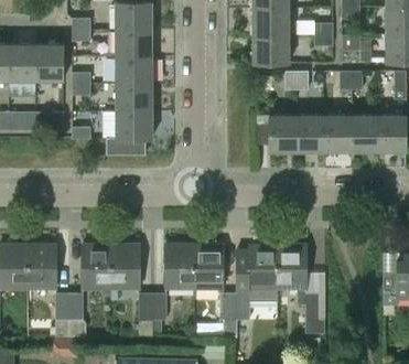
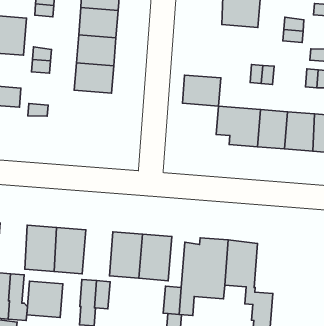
building: [254,35,289,63] -> [182,75,221,106]
building: [106,110,152,154] -> none
building: none -> [27,281,63,318]

